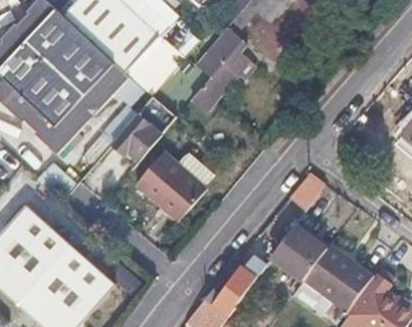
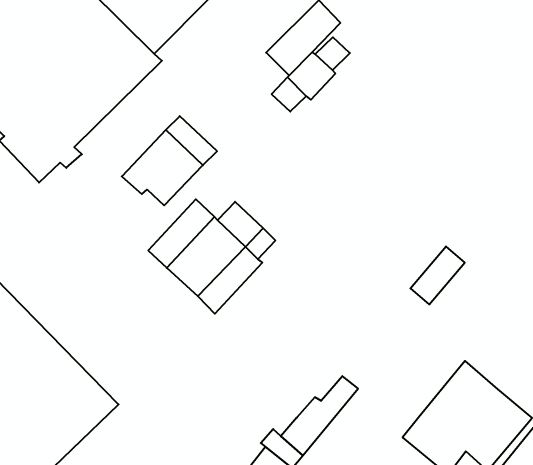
building: [130,39,184,96] -> none
building: [270,225,326,280] -> none

